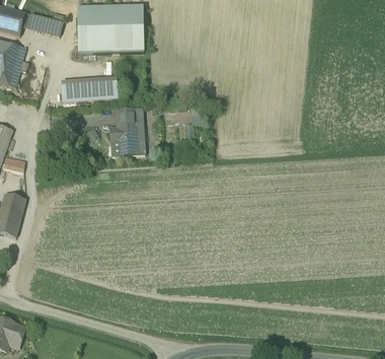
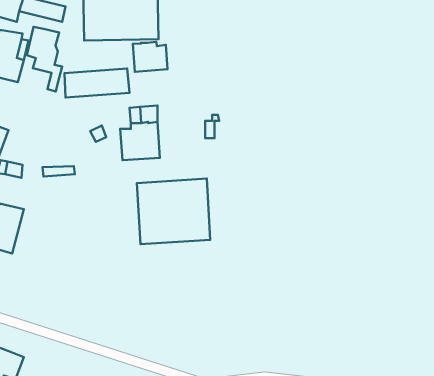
building: none -> [27,27,62,92]
building: none -> [133,42,167,72]
building: none -> [137,178,210,244]

